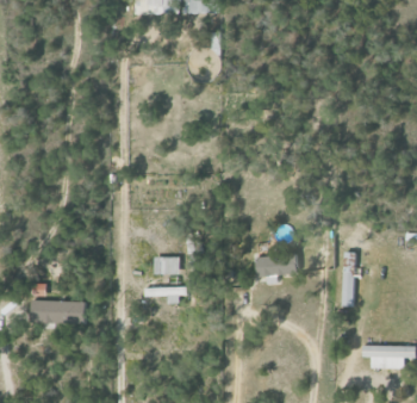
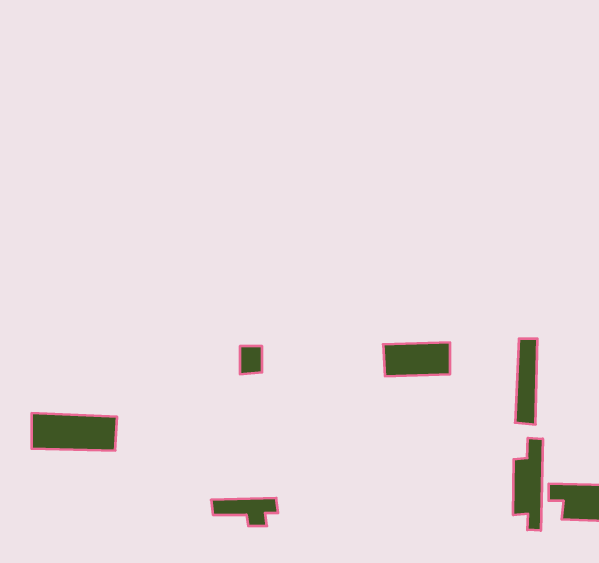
building: [143,285,186,303] -> [211,498,278,526]
building: none -> [513,438,543,531]

